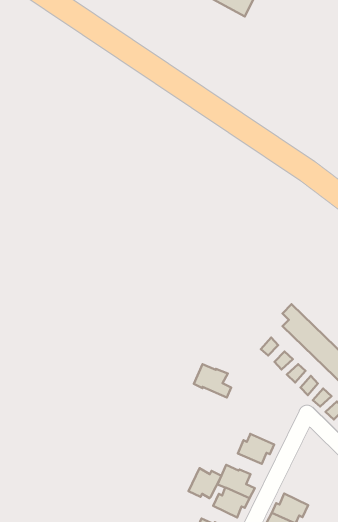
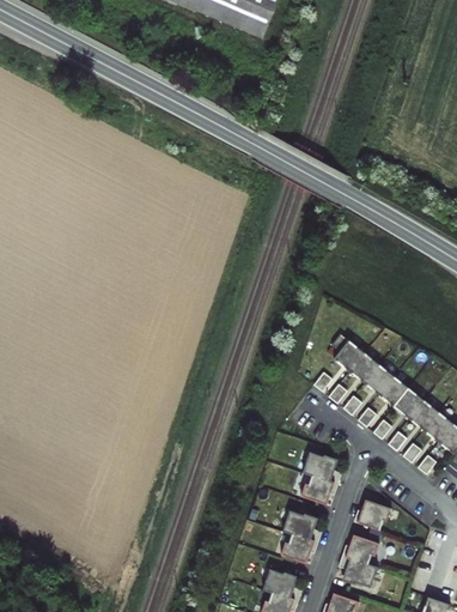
building: [194,364,231,397] -> [301,452,341,484]
building: none -> [353,499,391,531]
building: [188,468,221,498] -> none

